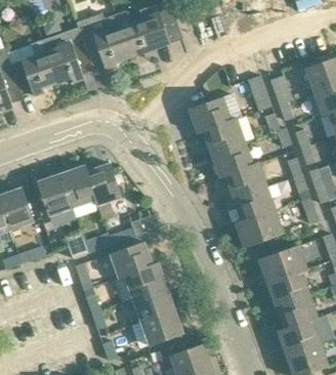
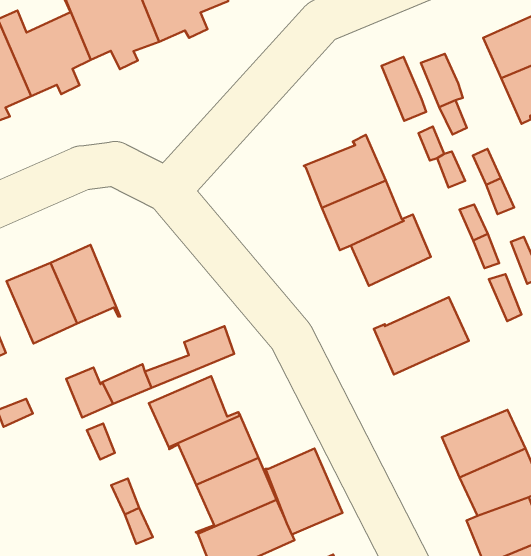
building: [188,97,232,134] -> none
building: [84,163,122,218] -> none
building: [234,185,277,221] -> none
building: [259,244,310,284] -> none
building: none -> [266,448,343,535]

